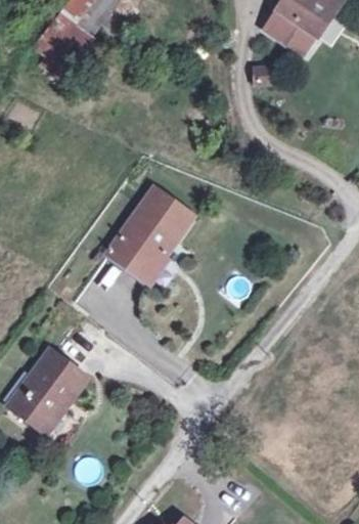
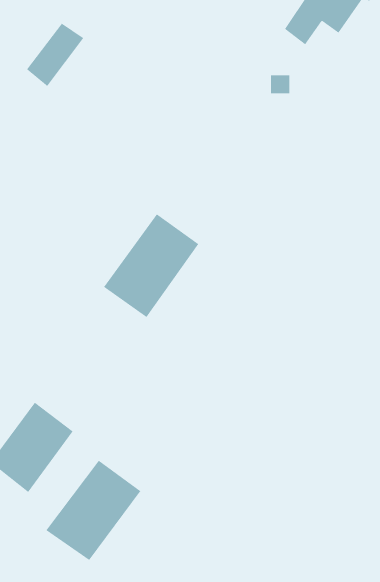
building: none -> [46,460,141,561]

